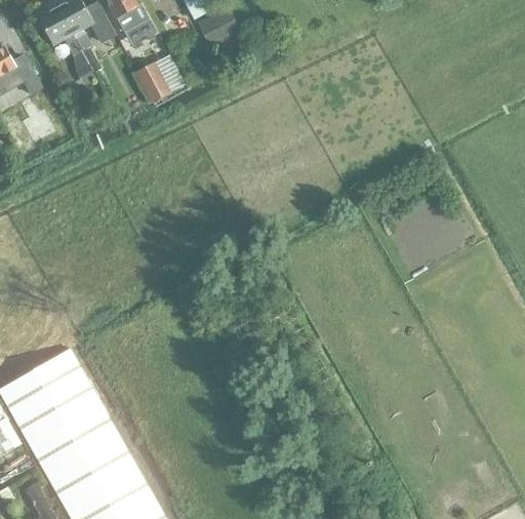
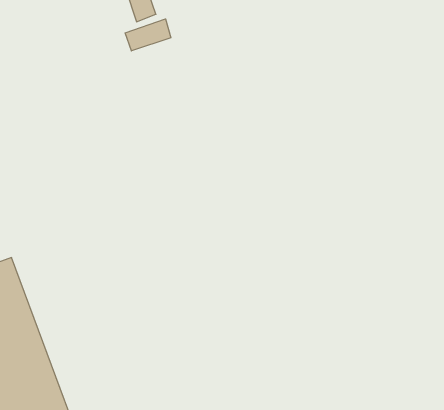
building: none -> [125,19,171,51]

